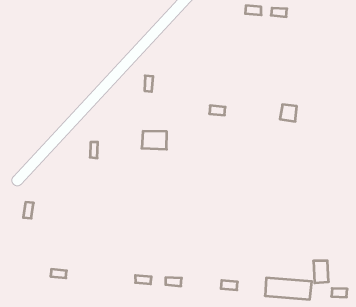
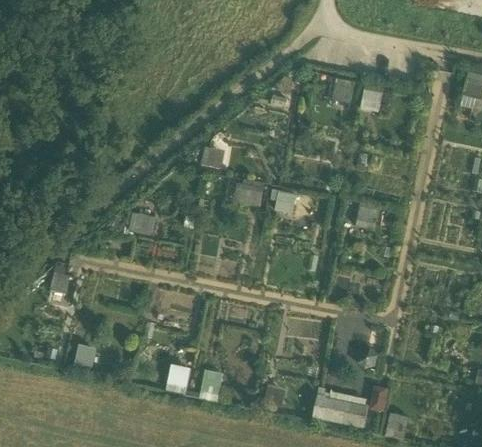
building: [142,131,167,149] -> [233,180,264,204]

